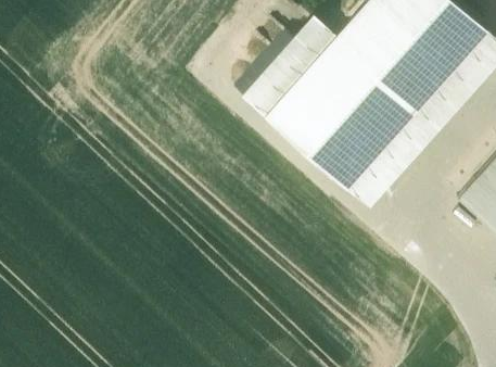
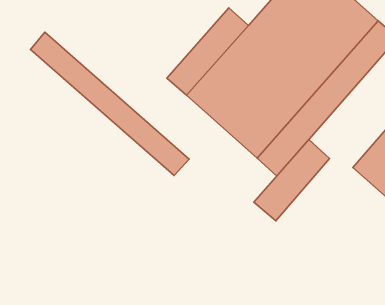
building: none -> [30,32,189,175]
building: none -> [254,140,330,221]

